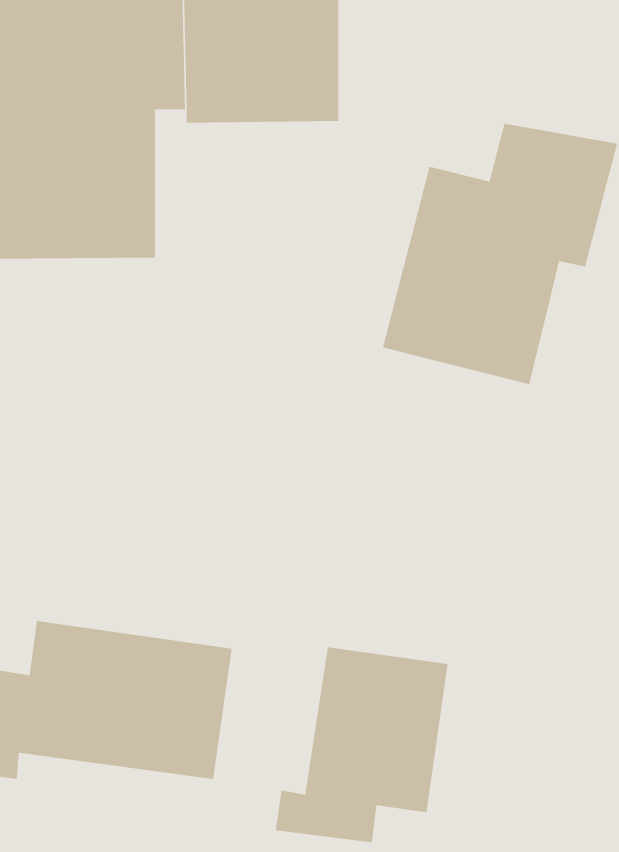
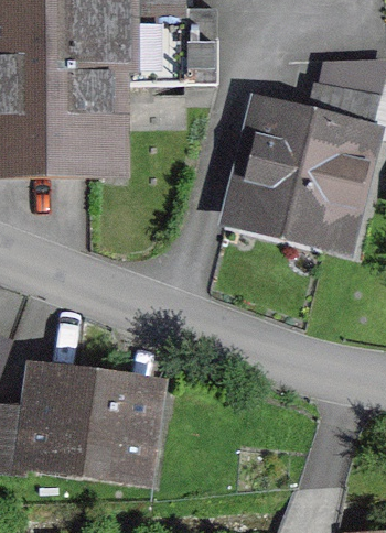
building: [275,646,448,843] -> none

